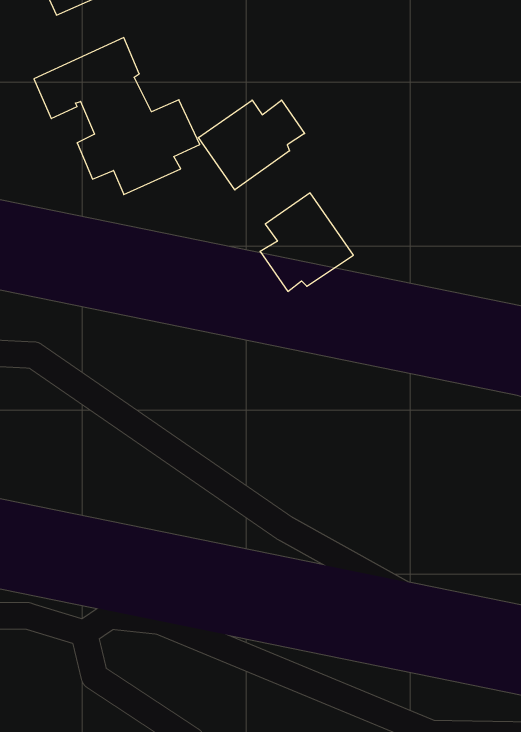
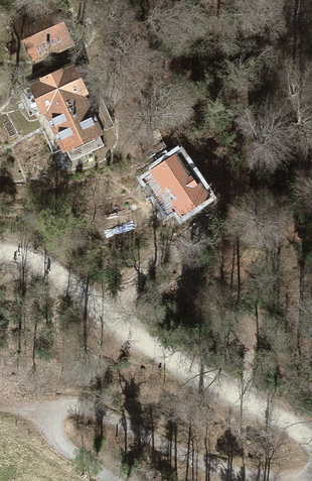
building: [198,100,305,190] -> none

